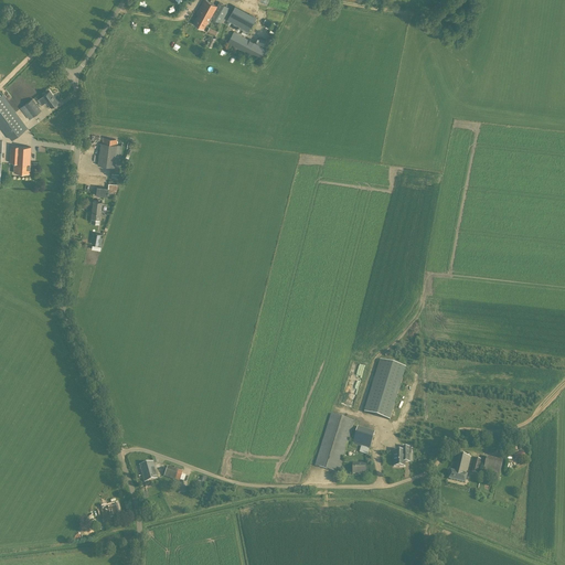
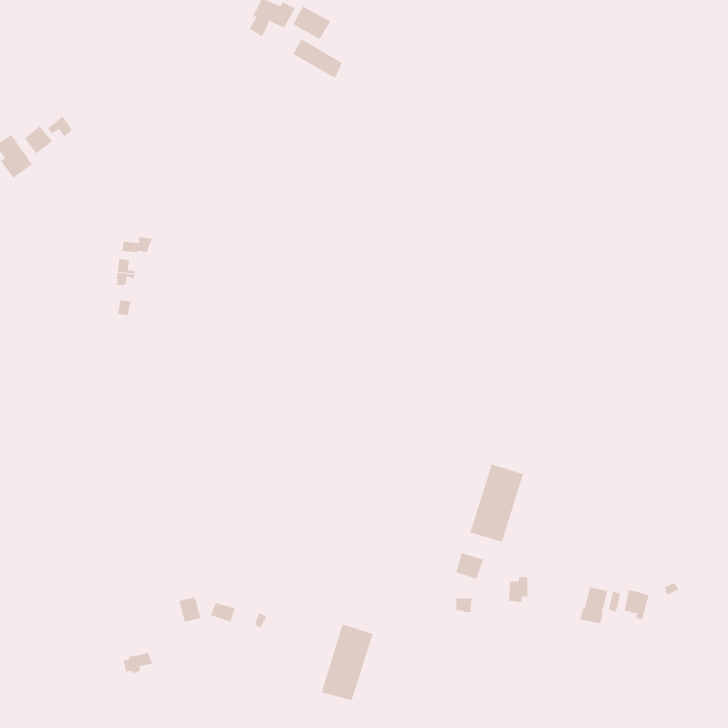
building: [96,137,121,167] -> none
building: [9,145,30,172] -> none
building: [313,413,354,472] -> [321,624,374,701]

